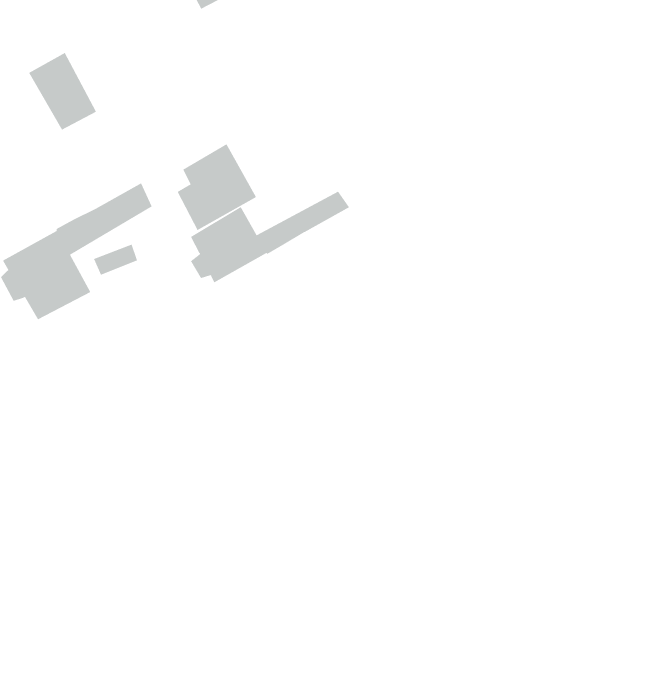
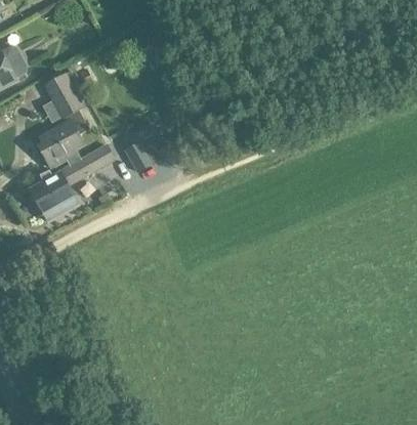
building: none -> [38,113,87,167]
building: [190,191,350,283] -> none

